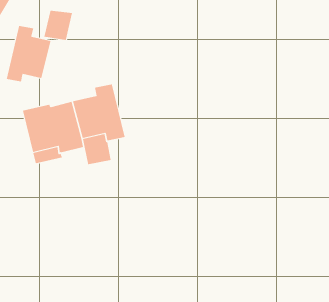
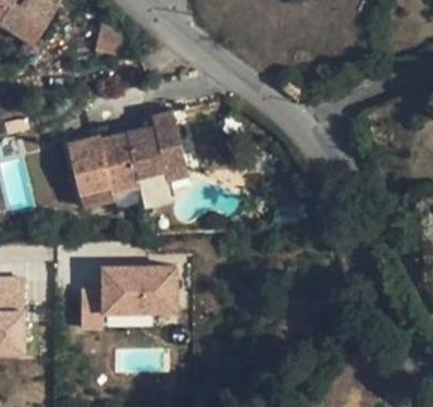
building: [6,25,51,83] -> none
building: none -> [82,264,180,332]

